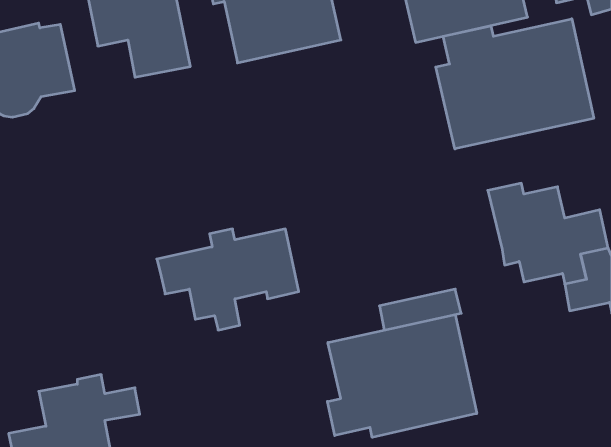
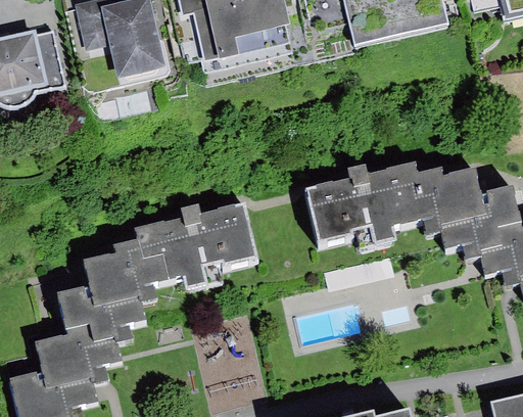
building: [436,19,594,149] -> none
building: none -> [305,163,428,245]
building: none -> [59,240,168,343]
building: [327,315,477,437] -> none

